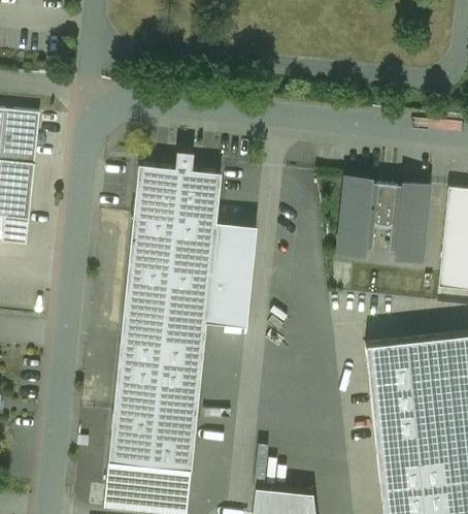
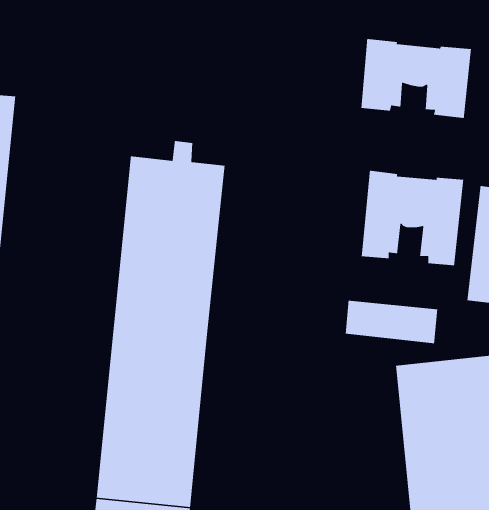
building: none -> [360,38,472,119]
building: [205,224,256,328] -> none
building: none -> [345,300,438,344]

